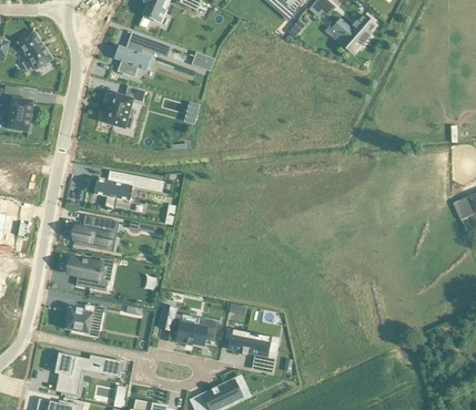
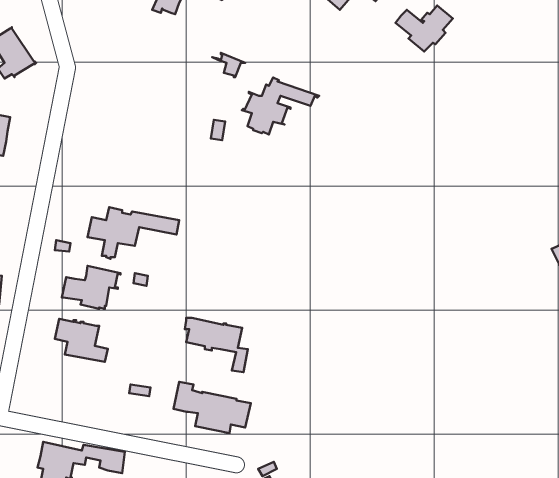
building: [112,33,172,78] -> [242,77,319,135]
building: [105,86,144,129] -> none
building: [64,304,103,334] -> none
building: [225,329,274,371] -> [185,318,248,372]

